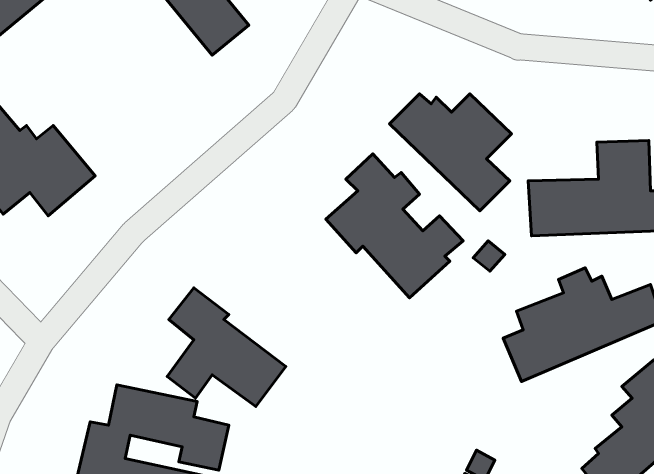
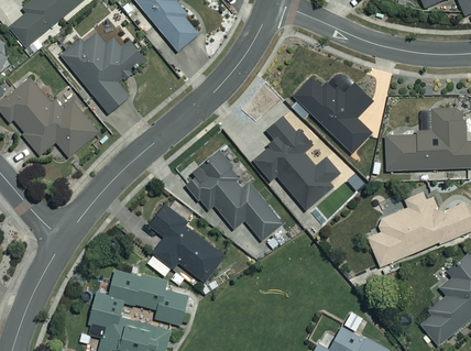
building: none -> [61,21,144,112]
building: none -> [185,151,282,241]

